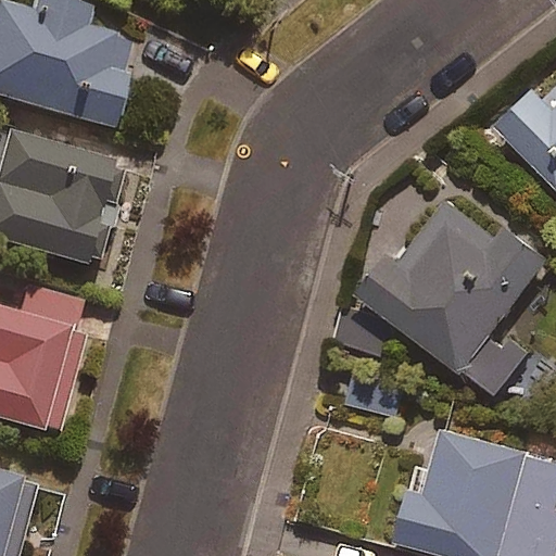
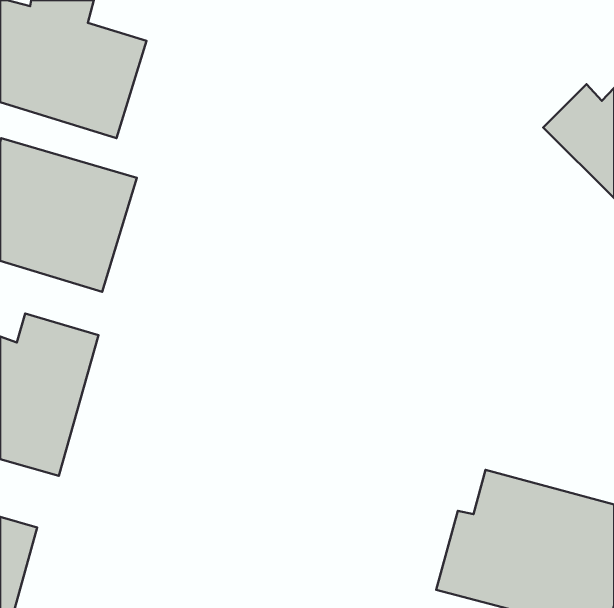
building: [353,185,546,394] -> none

